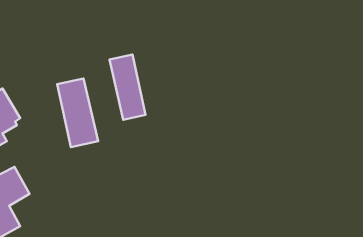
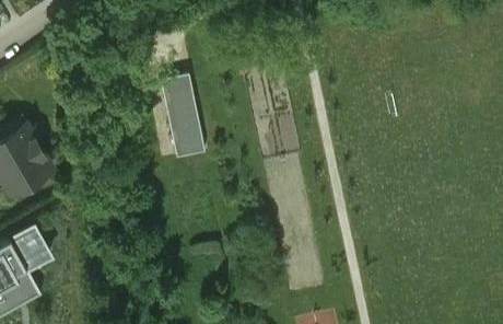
building: [57,78,98,147] -> none

